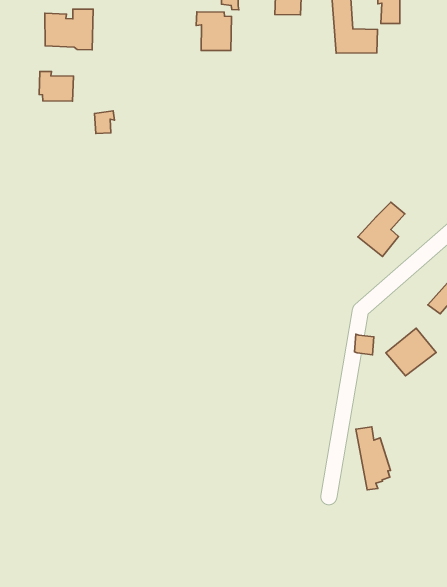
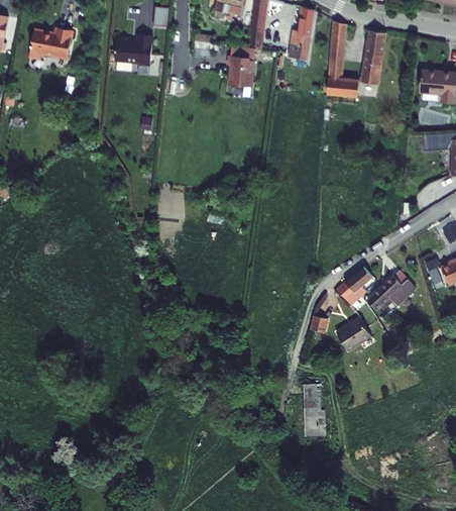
building: [39,71,73,101] -> none
building: [358,202,405,257] -> [337,264,374,303]

